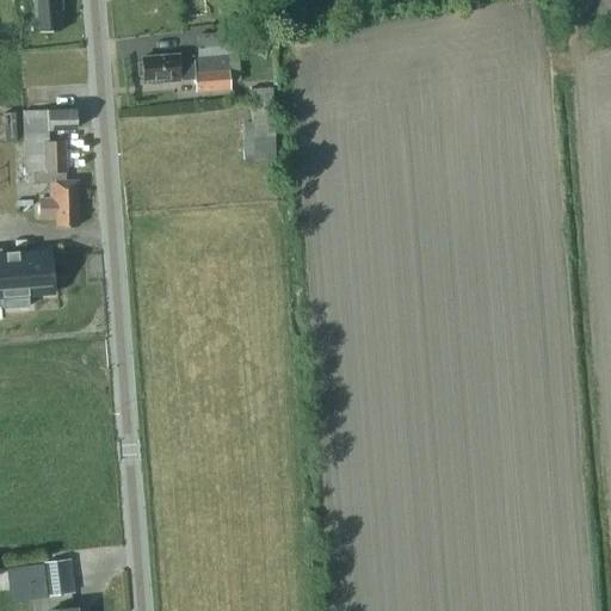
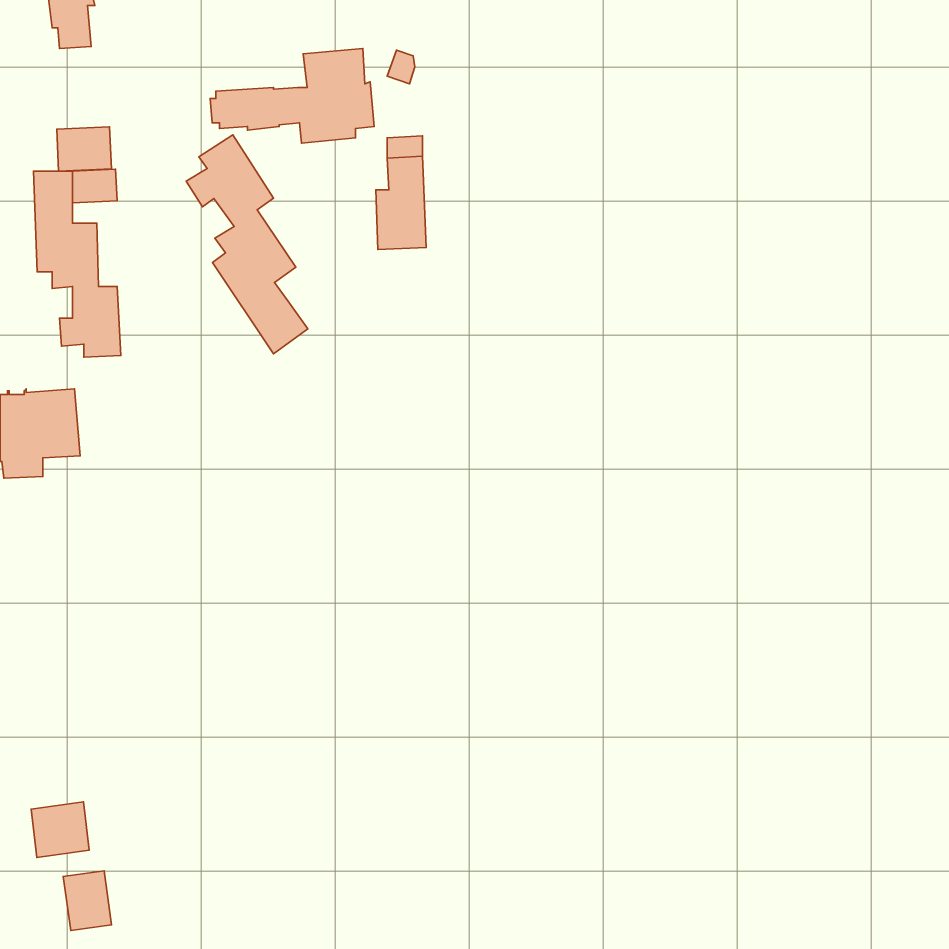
building: none -> [57,127,111,171]
building: none -> [186,135,308,354]
building: [8,564,45,600] -> [31,802,89,858]

